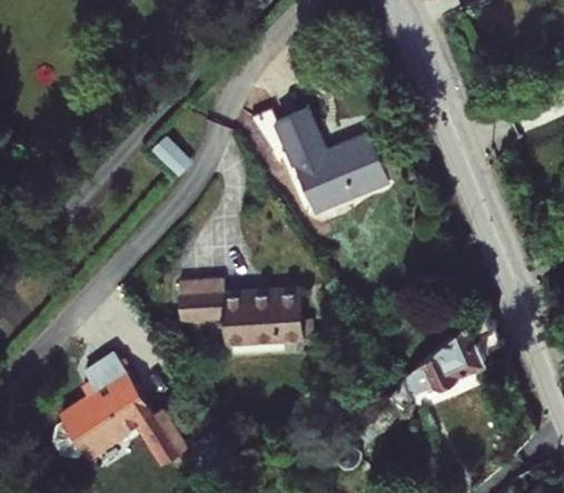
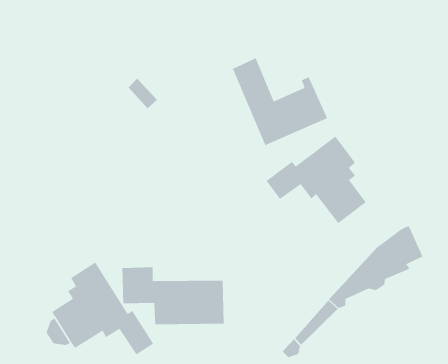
building: none -> [266,135,367,224]
building: [182,276,304,345] -> [121,266,224,325]

